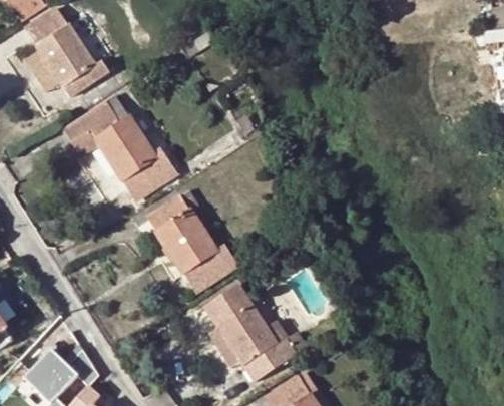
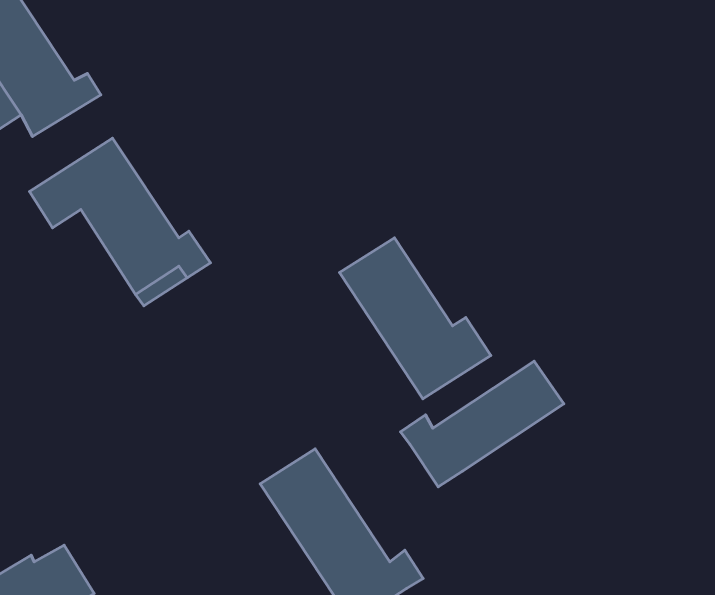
building: [146,195,237,293] -> [340,238,491,399]
building: none -> [401,361,564,487]

